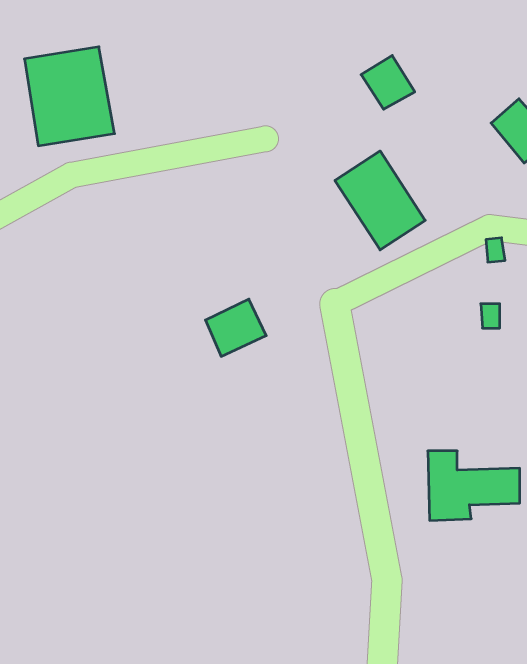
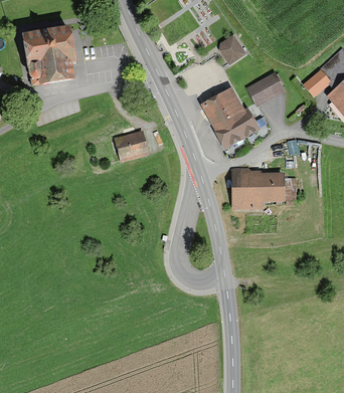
building: none -> [248,73,281,105]
building: [205,299,266,356] -> [112,132,147,165]
building: [428,451,520,520] -> [231,169,285,209]

